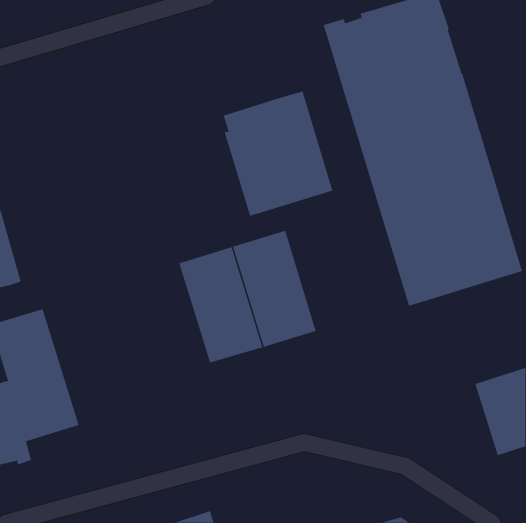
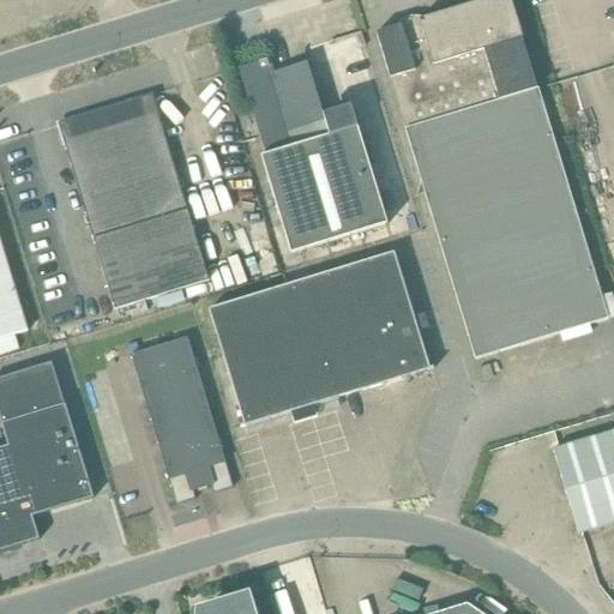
building: none -> [237,58,324,134]
building: none -> [58,91,207,306]
building: none -> [332,249,429,385]
building: none -> [131,333,233,501]

